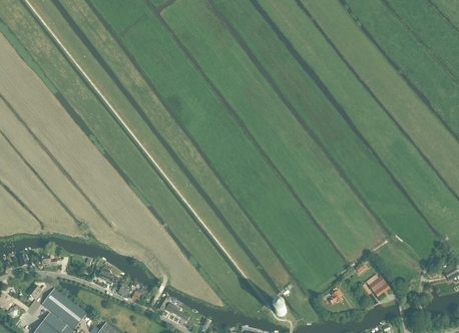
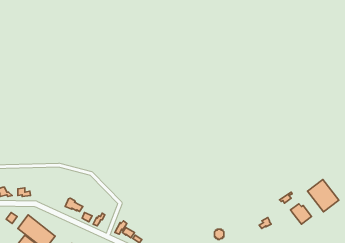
building: none -> [308,180,339,212]

